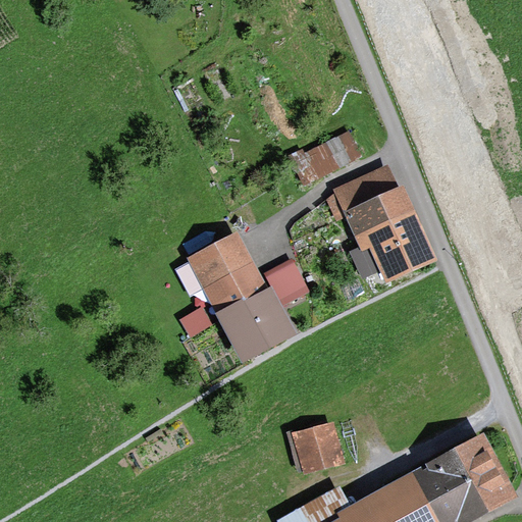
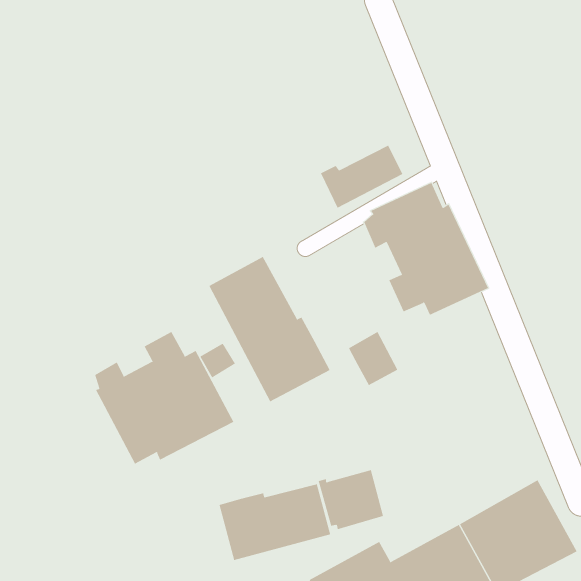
building: [264,258,309,307] -> [348,331,398,386]
building: none -> [95,331,234,465]
building: none -> [219,483,331,561]

